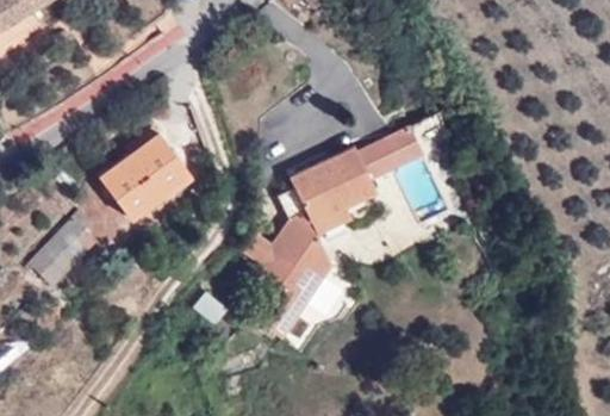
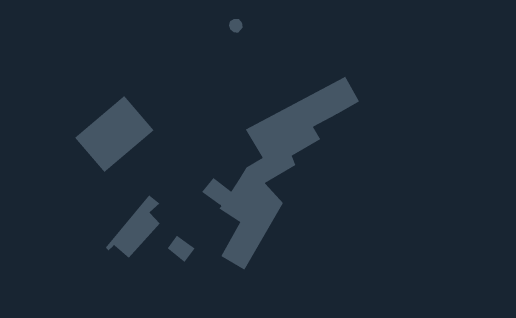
building: [27,210,93,280] -> [105,195,160,259]

